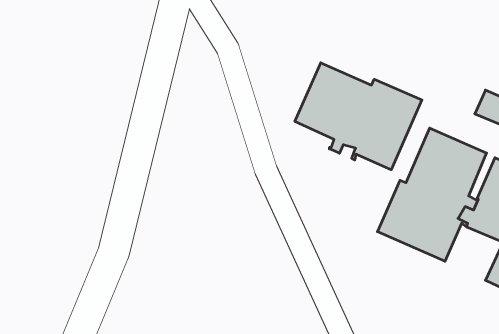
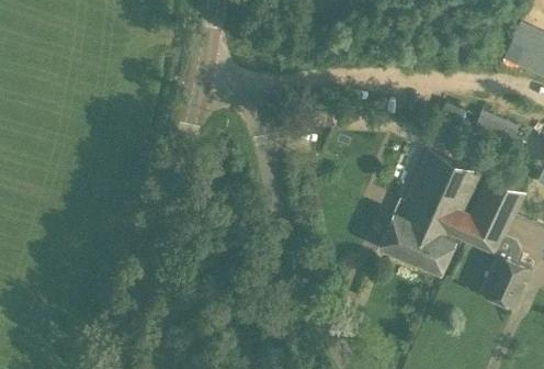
building: [295,63,422,170] -> none

